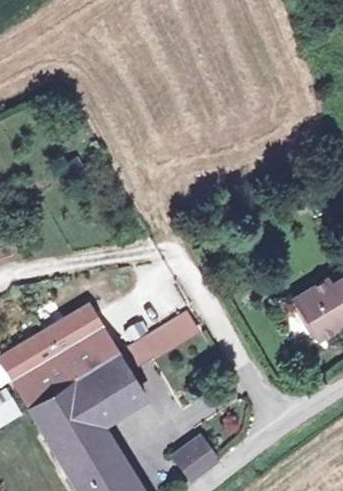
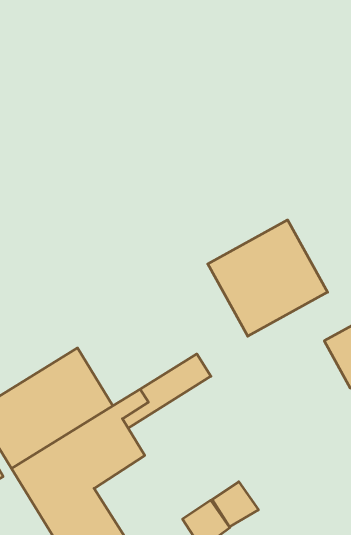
building: none -> [208,220,328,336]
building: none -> [212,482,258,527]

